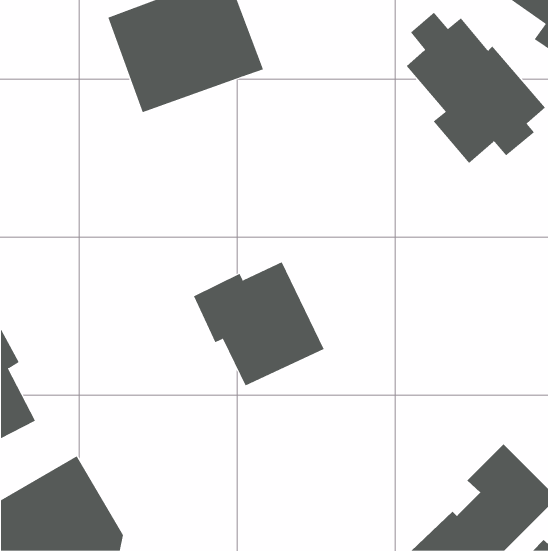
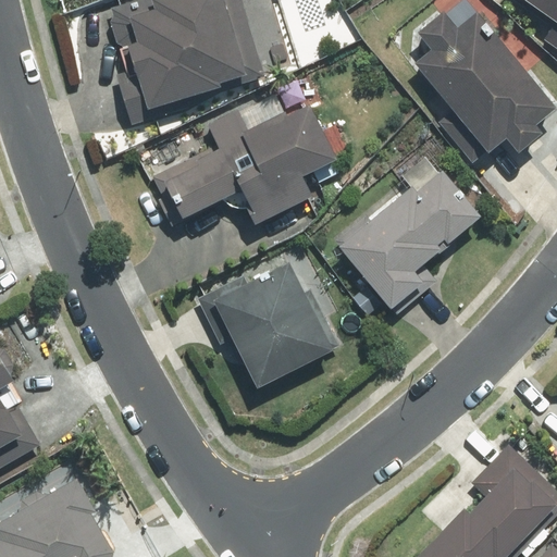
building: none -> [153,92,335,225]
building: none -> [333,159,480,313]

